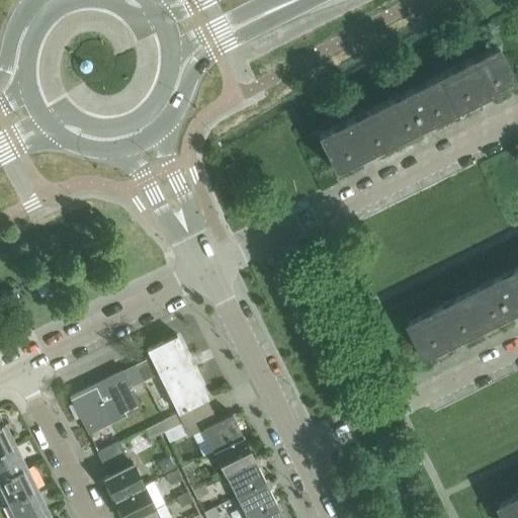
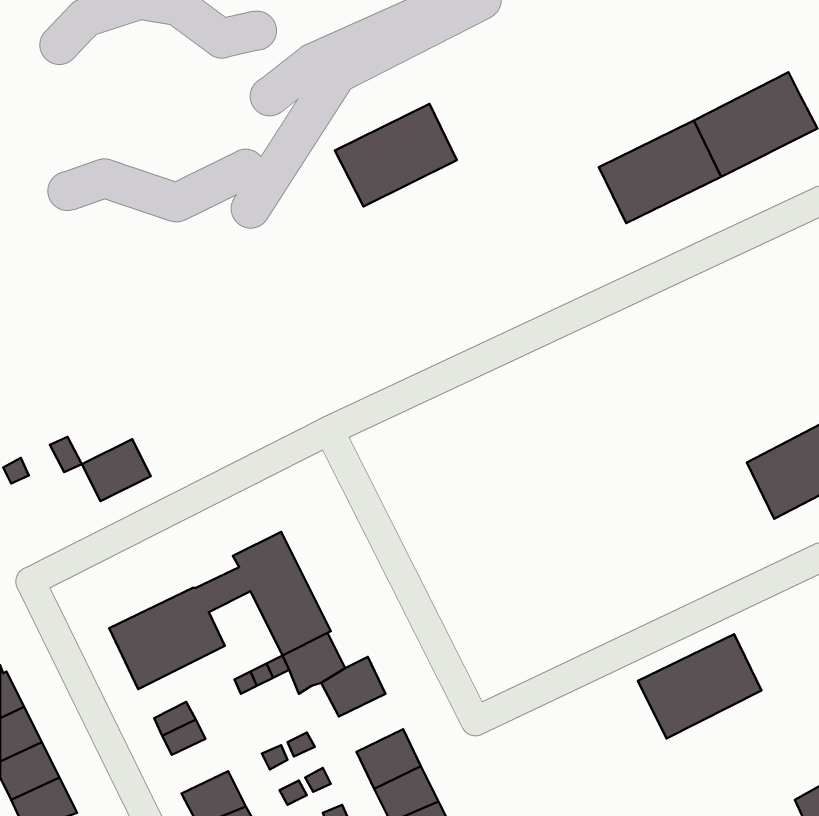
building: [319,108,396,173] -> [335,104,457,207]
building: none -> [82,439,151,501]
building: [411,294,489,360] -> [638,634,761,739]
building: [214,440,255,477] -> none
building: [104,466,145,503] -> none

